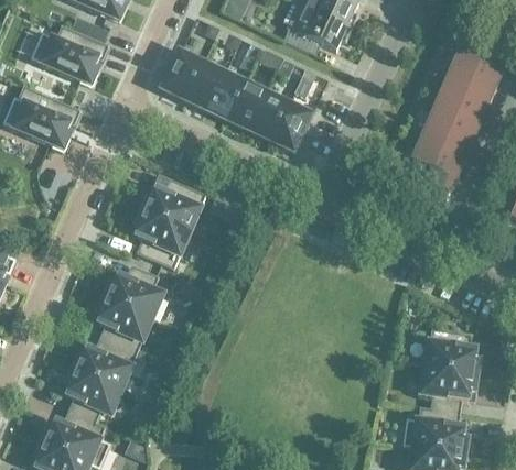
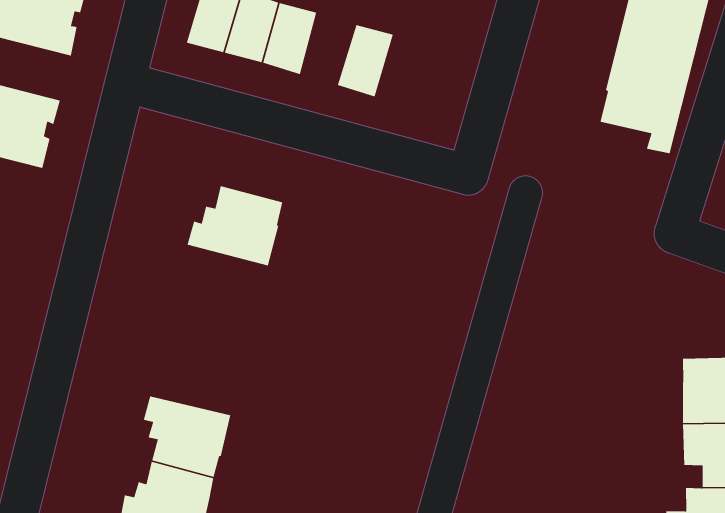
building: [228,84,267,130] -> none
building: [271,105,310,151] -> none
building: [136,211,190,269] -> none
building: [105,265,163,318] -> none

